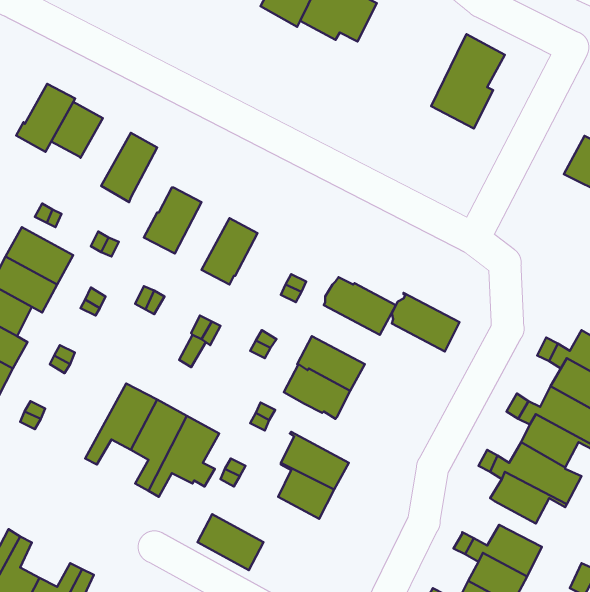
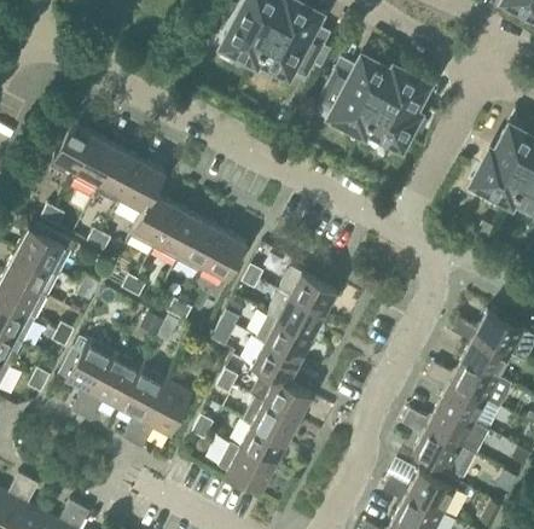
building: none -> [320,58,391,133]
building: [16,84,75,152] -> [70,138,118,193]
building: none -> [118,162,164,215]
building: none -> [155,207,199,262]
building: none -> [204,232,245,279]
building: [392,293,460,352] -> [267,291,323,339]
building: none -> [66,341,115,417]
building: none -> [250,372,310,420]
building: [197,514,264,570] -> [219,443,273,489]

